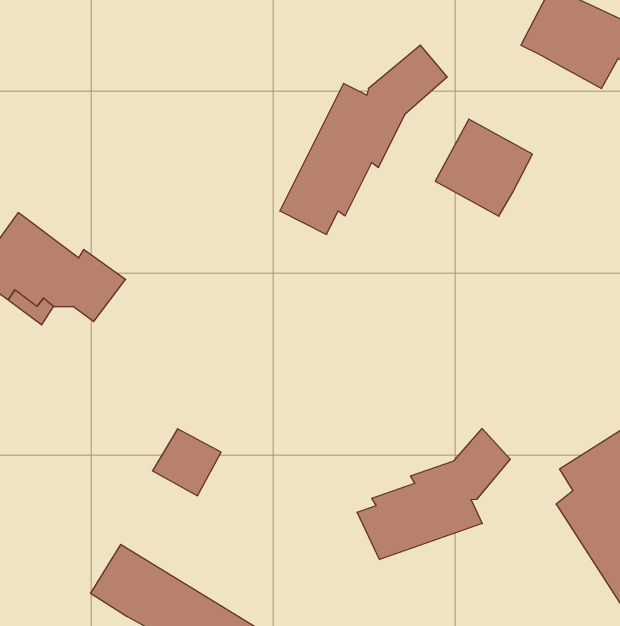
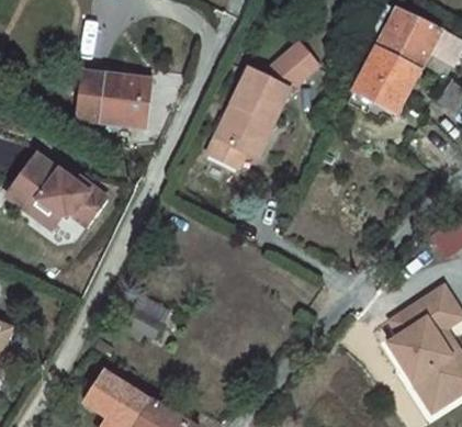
building: none -> [77,70,151,125]
building: [435,119,532,216] -> [354,48,418,112]
building: [357,429,510,560] -> none

